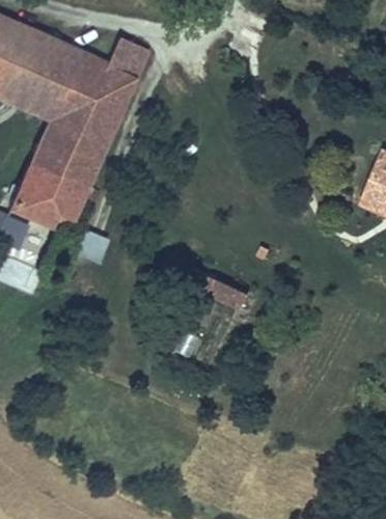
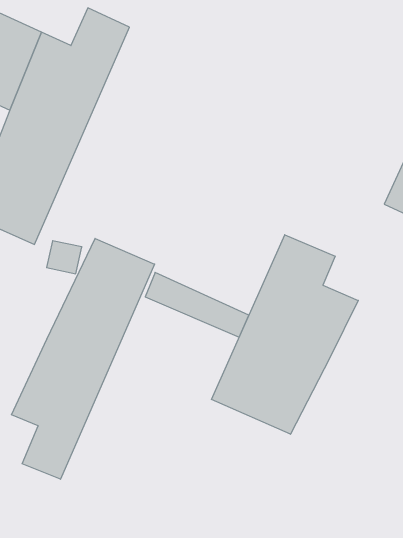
building: none -> [212,235,358,434]
building: none -> [12,238,155,479]

